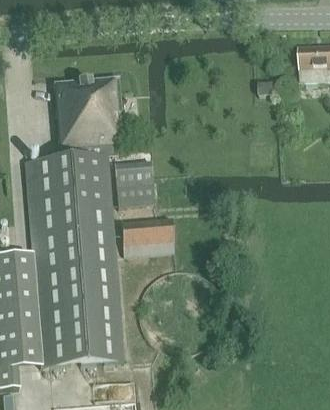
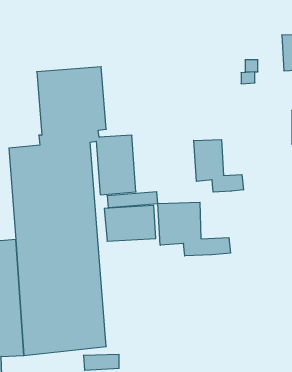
building: none -> [194,140,243,192]
building: none -> [158,202,230,256]

